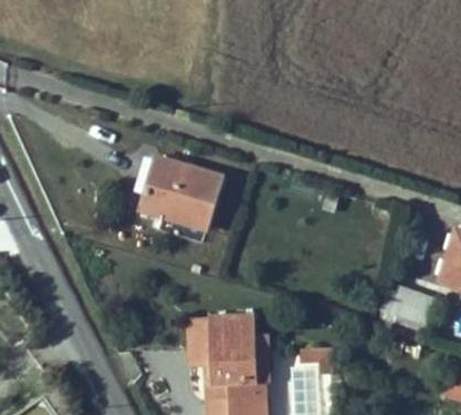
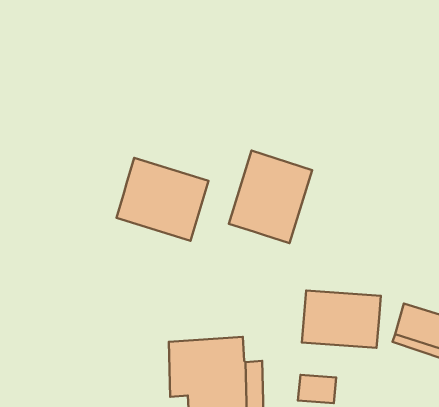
building: none -> [229,151,312,243]
building: none -> [302,290,381,348]

